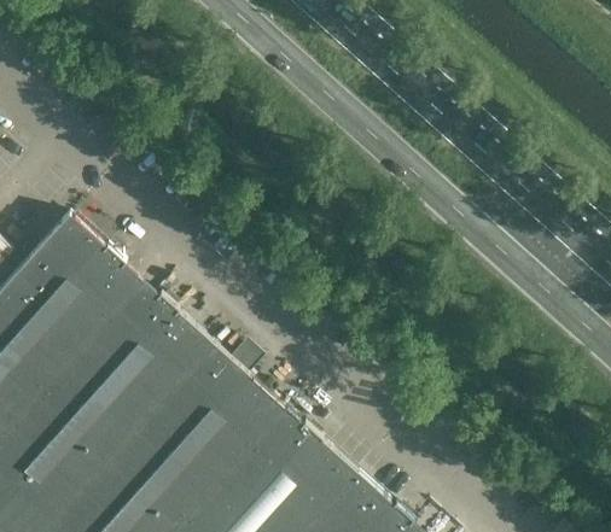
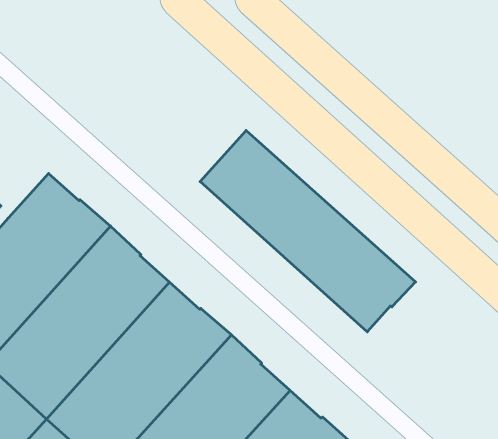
building: none -> [200,130,416,332]

